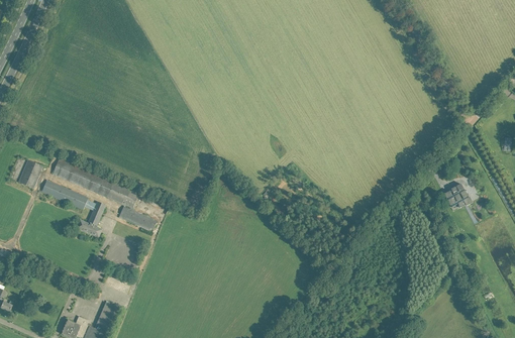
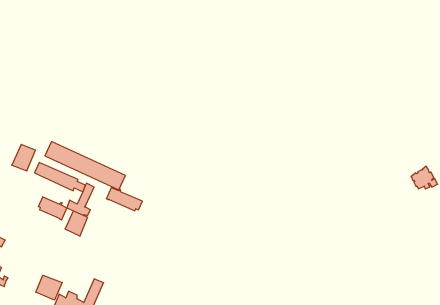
building: none -> [38,197,67,220]
building: none -> [65,211,87,236]
building: none -> [36,275,62,300]

